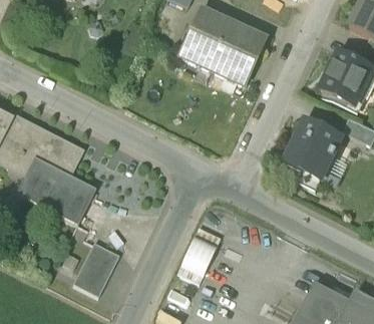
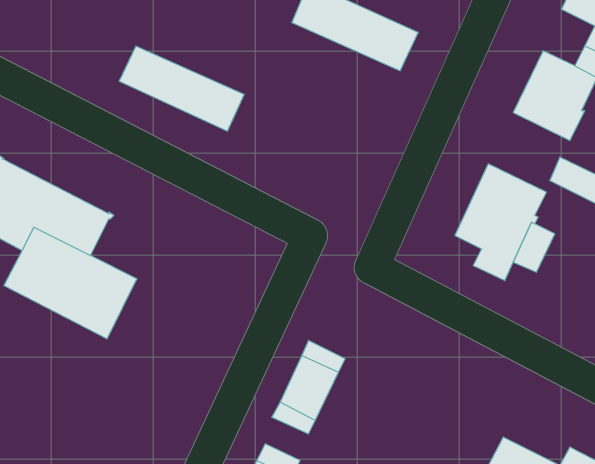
building: [177,34,253,85] -> [119,46,244,131]
building: [72,242,118,296] -> none

